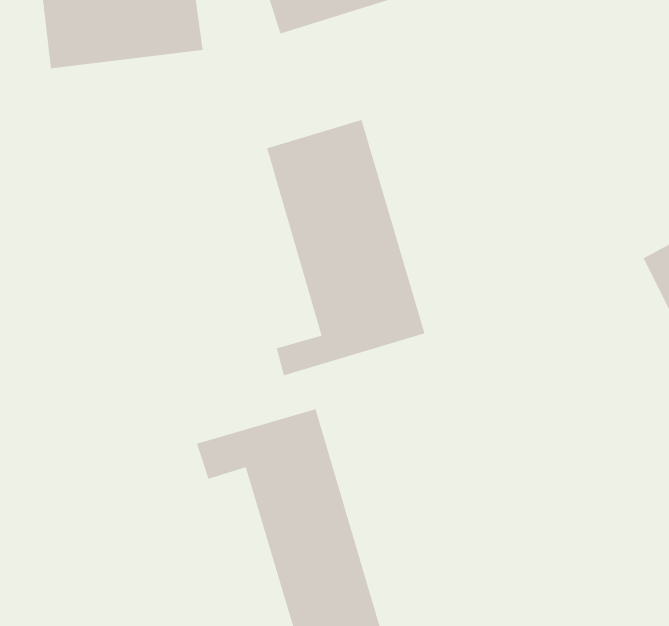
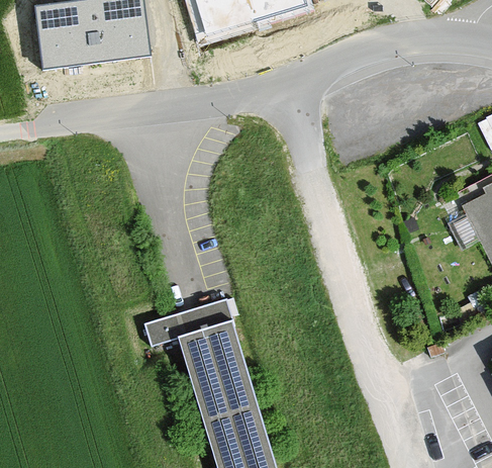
building: [266,119,425,376] -> none

